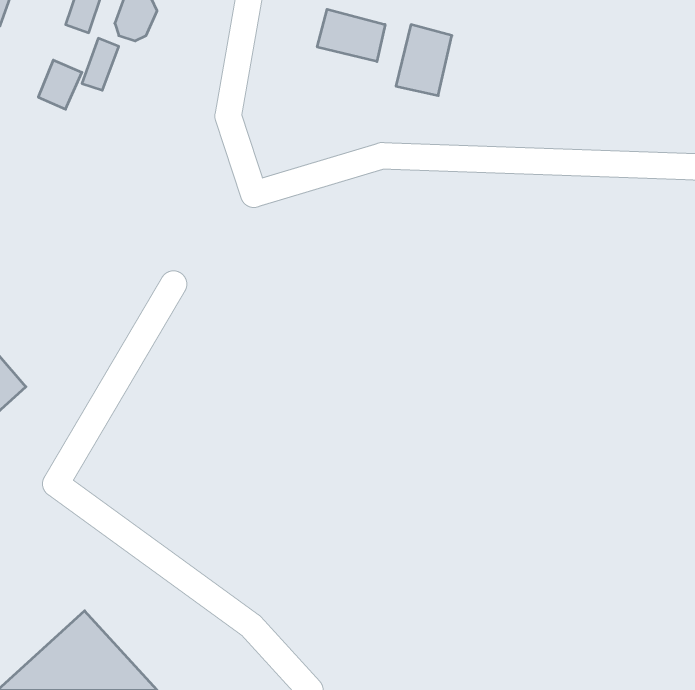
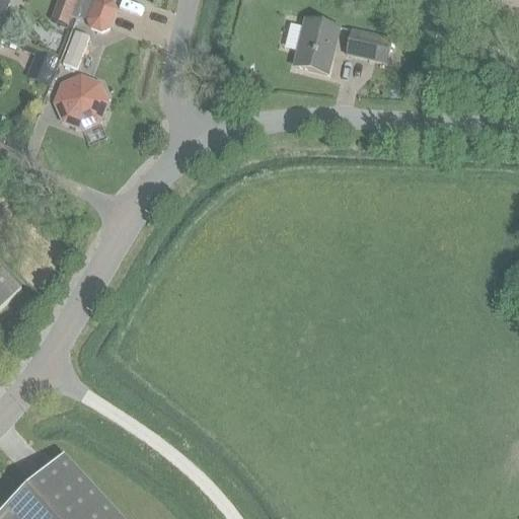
building: [317,9,385,62] -> none
building: none -> [345,28,390,61]
building: none -> [54,74,106,127]

